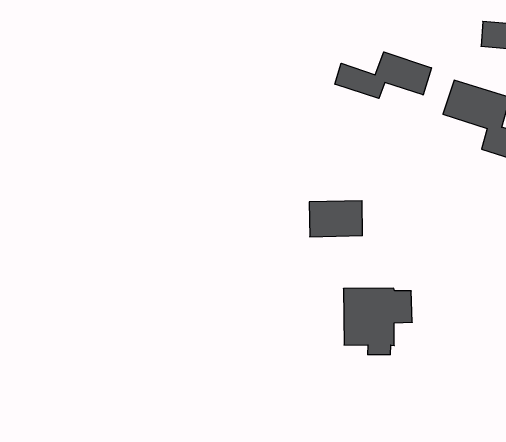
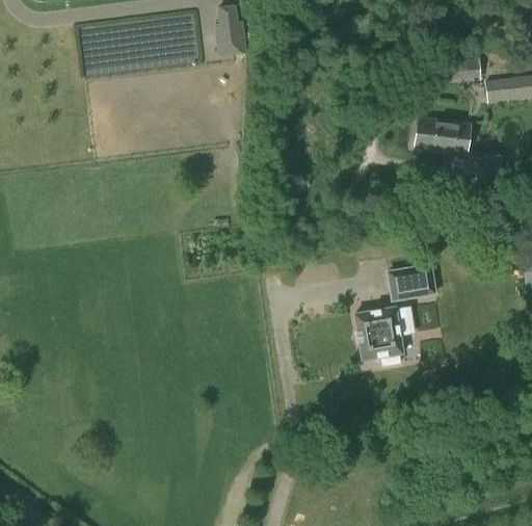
building: [335,52,431,98] -> none
building: [309,201,362,237] -> [389,258,440,296]

